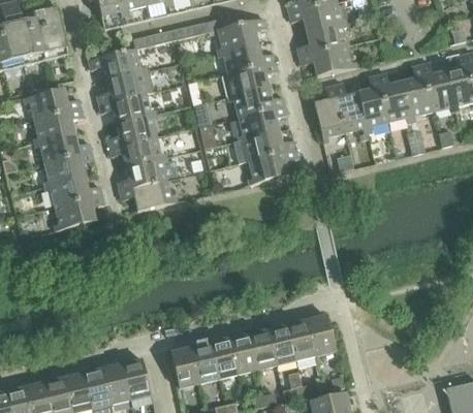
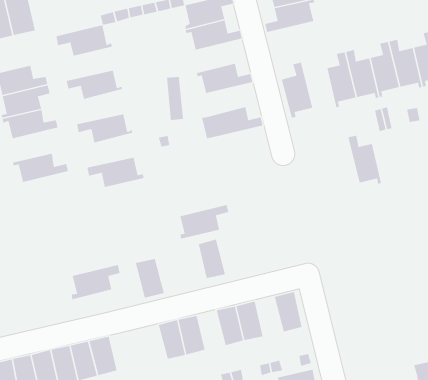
building: [298,45,356,76] -> none
building: [221,63,277,97] -> none
building: [96,70,154,104] -> none
building: [334,84,368,133] -> [348,135,382,184]
building: [238,106,287,140] -> none
building: [106,114,156,148] -> none
building: [248,150,297,185] -> [180,204,229,239]
building: [43,152,93,186] -> none
building: [117,157,166,191] -> none
building: [54,195,103,231] -> [71,264,121,300]
building: [287,320,315,360] -> none
building: [229,333,257,374] -> [198,239,226,279]
building: [169,348,199,388] -> [135,258,165,299]

